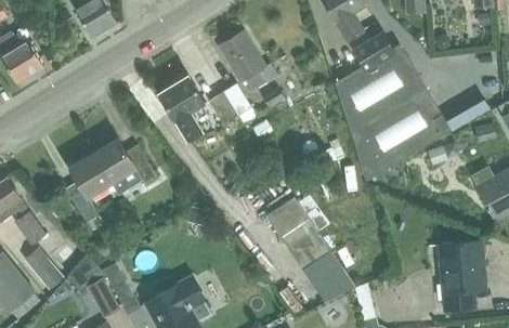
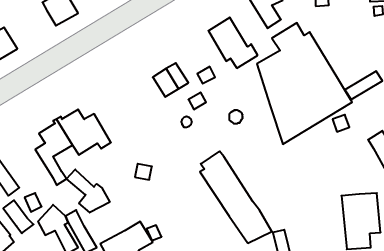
building: [218,29,277,91] -> [208,17,257,68]
building: [157,75,204,140] -> none
building: none -> [66,169,110,213]

